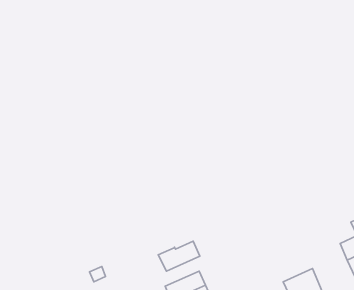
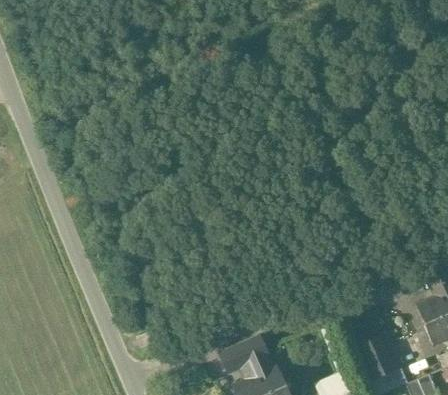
building: [158,241,200,271] -> none

